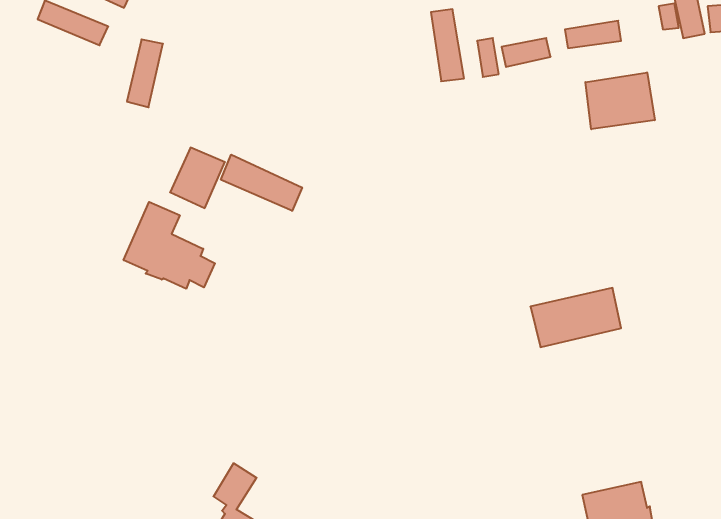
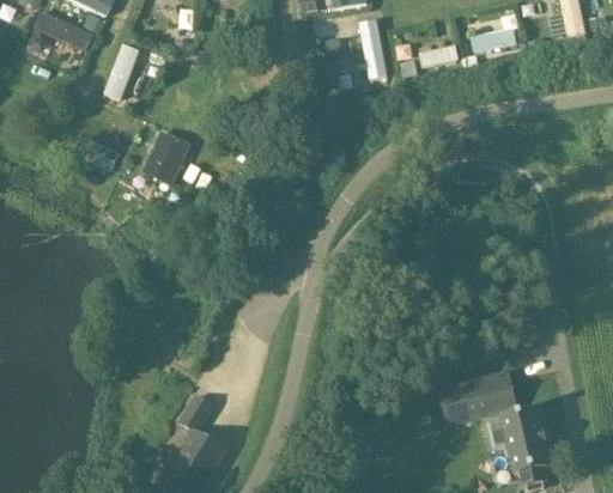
building: [585,72,655,129] -> none
building: [221,155,302,211] -> none
building: [124,202,215,289] -> none
building: [530,288,621,347] -> [437,375,512,424]

